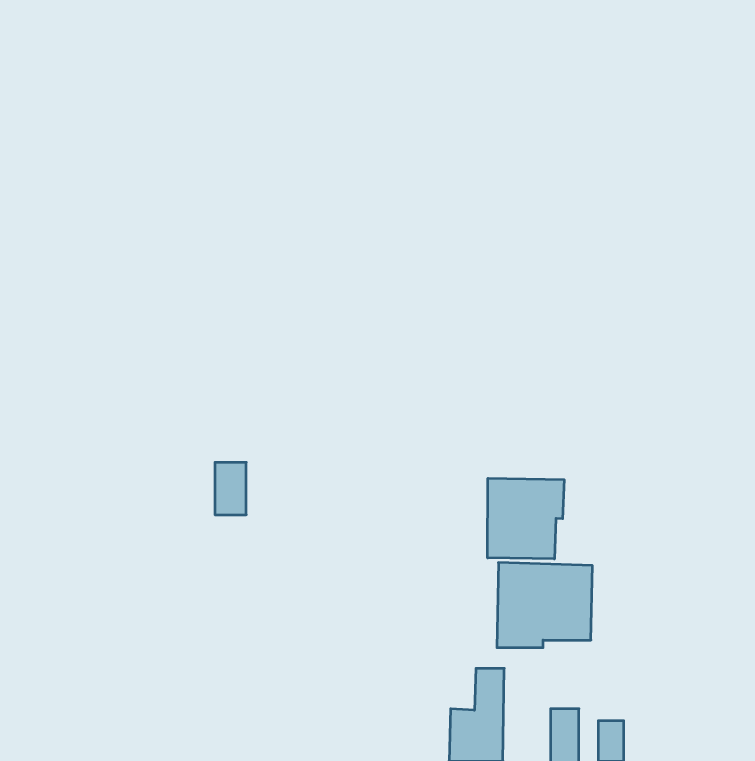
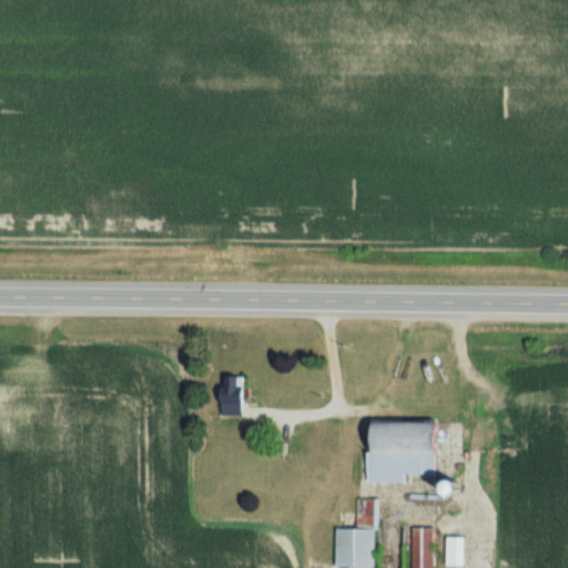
building: [215,462,246,515] -> [220,377,243,416]
building: [488,478,564,559] -> none

